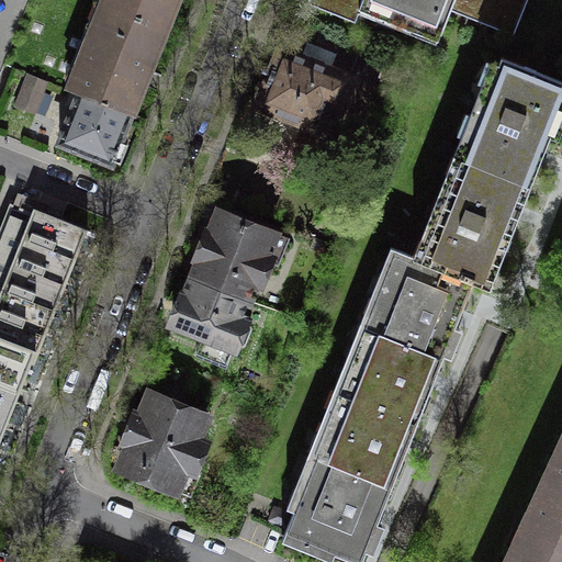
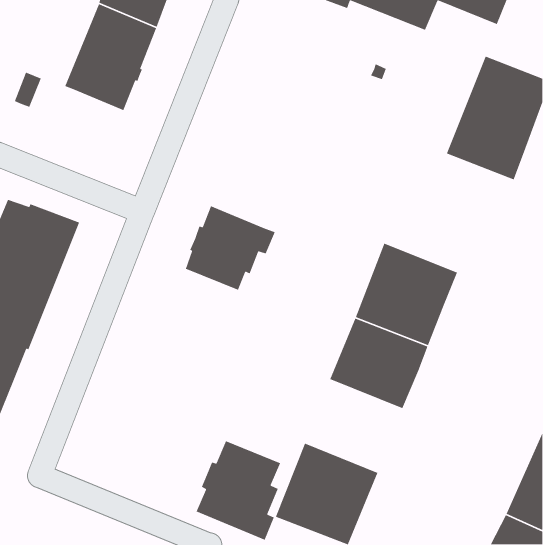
building: [256,43,347,131] -> none
building: [55,92,127,164] -> none
building: [394,158,528,286] -> none
building: [169,277,247,363] -> none
building: [313,390,414,485] -> none
building: [116,392,204,495] -> [196,440,281,541]

